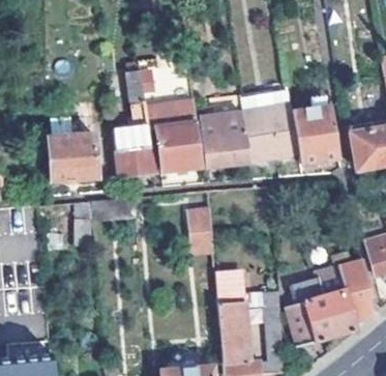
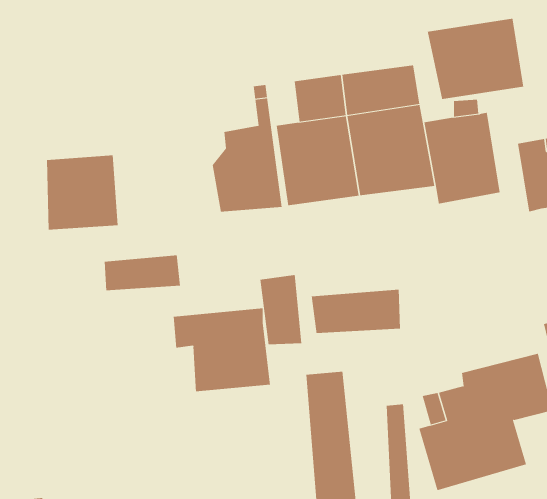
building: none -> [427,18,524,100]
building: [114,70,154,176] -> none
building: none -> [311,289,401,334]
building: none -> [173,307,270,392]

